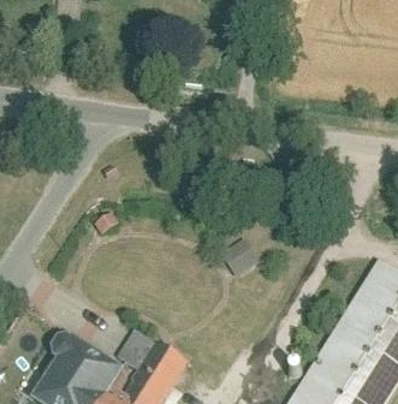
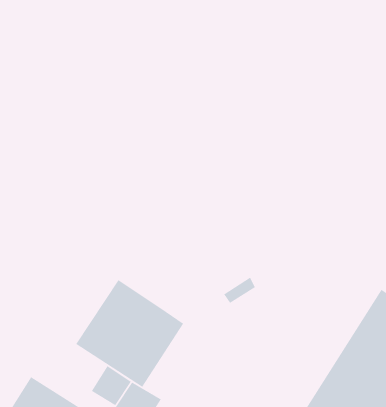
building: none -> [75,279,184,388]

